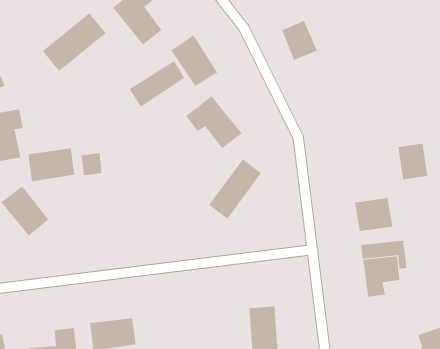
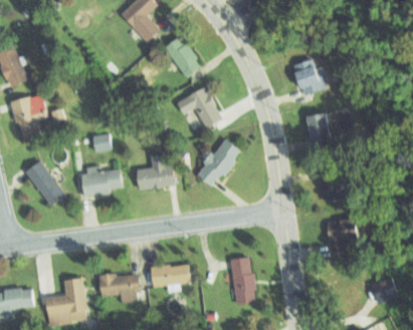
building: [42,13,106,72] -> none
building: [281,20,318,60] -> [294,61,325,94]
building: [129,60,185,108] -> none
building: [398,143,428,180] -> [308,112,334,142]
building: [28,148,75,182] -> [83,170,123,198]
building: none -> [136,156,175,193]
building: none -> [155,262,194,289]

